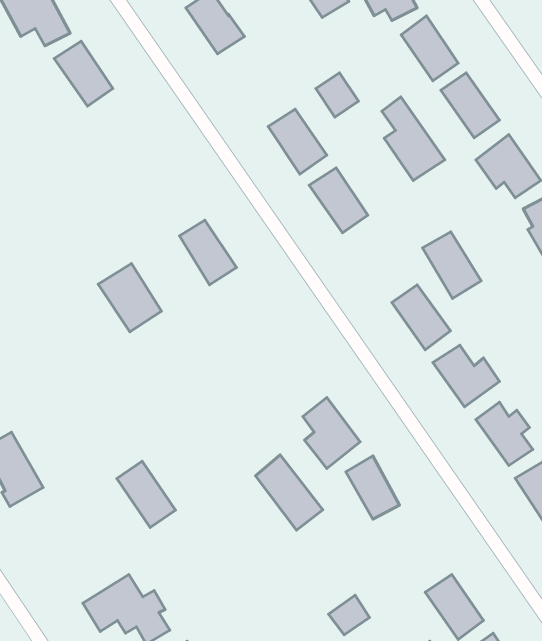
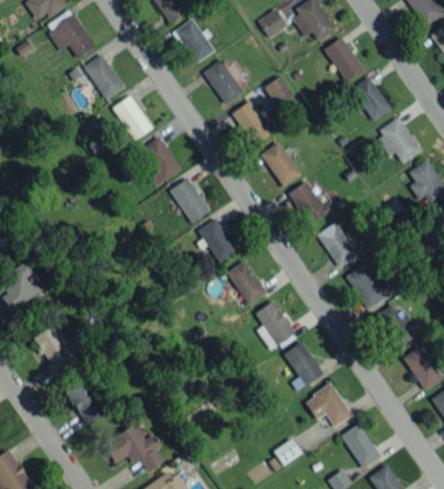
building: none -> [203,59,243,104]
building: [382,97,445,181] -> none
building: none -> [113,95,152,139]
building: [422,232,481,298] -> [288,180,329,226]
building: [98,264,161,332] -> [137,136,181,183]
building: none -> [197,218,238,263]
building: none -> [226,260,266,305]
building: [256,455,323,530] -> none
building: [117,461,175,528] -> [65,380,105,427]
building: none -> [305,384,351,425]

